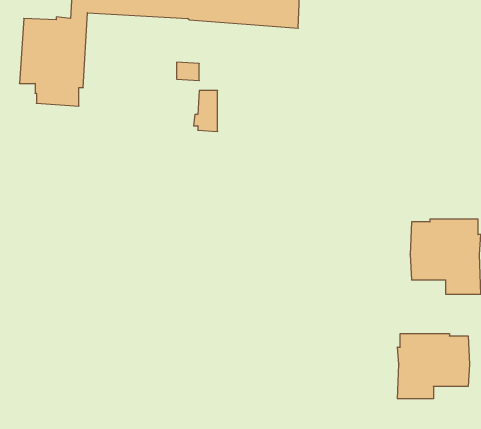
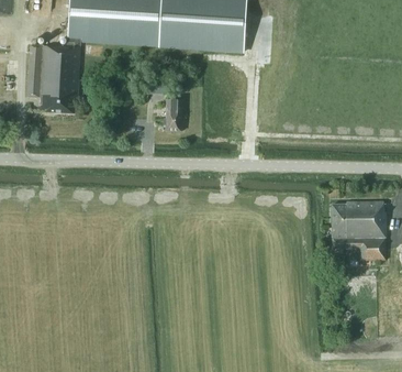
building: [397,334,470,399] -> none

